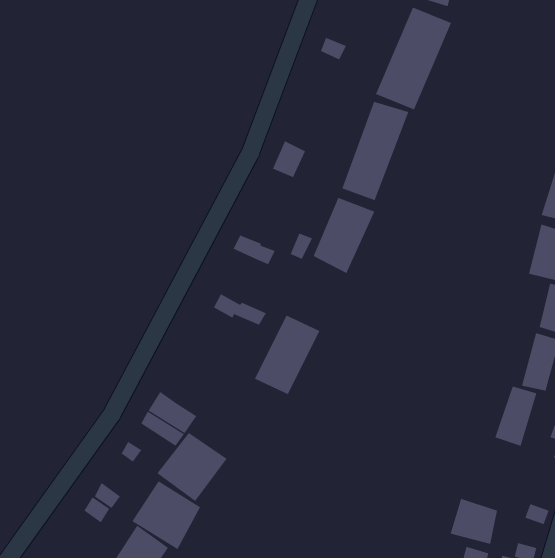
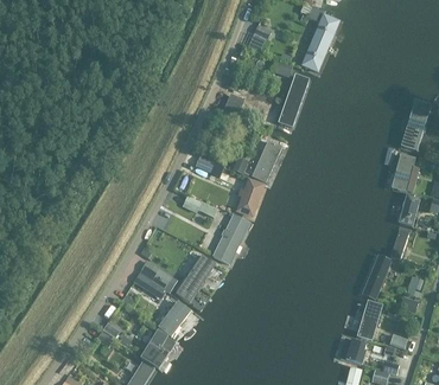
building: none -> [231,174,266,219]
building: none -> [173,252,222,304]
building: none -> [356,297,387,339]

